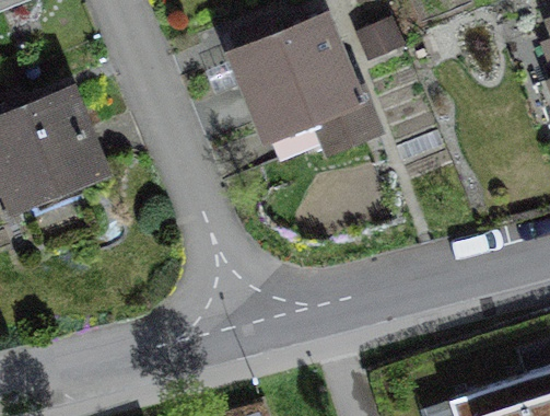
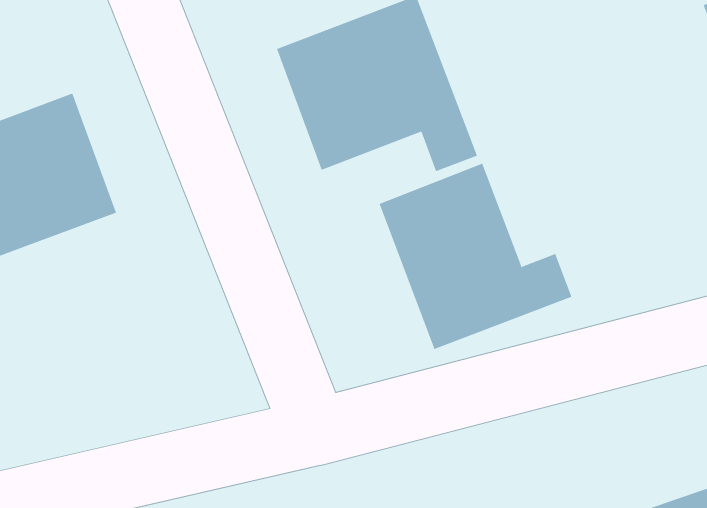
building: none -> [379,163,572,350]

